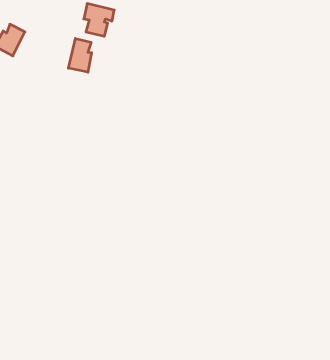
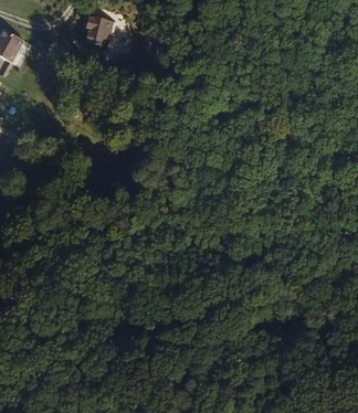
building: [68,38,92,72] -> none

